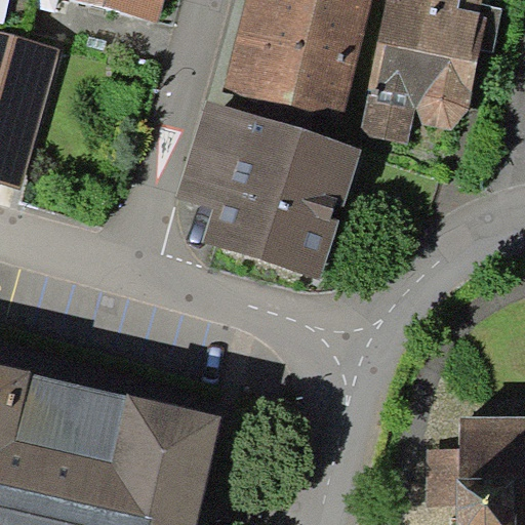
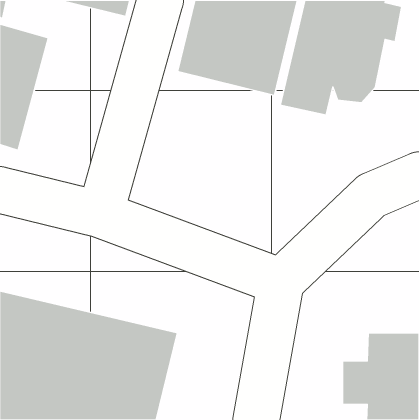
building: [175,98,362,279] -> none

